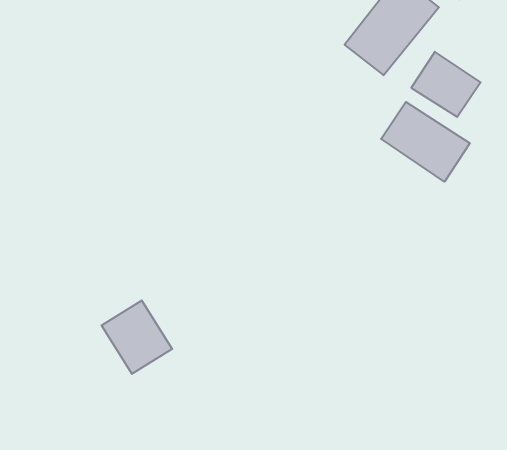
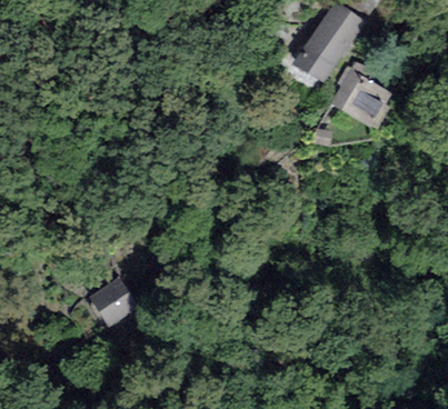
building: [381,102,470,182] -> none

